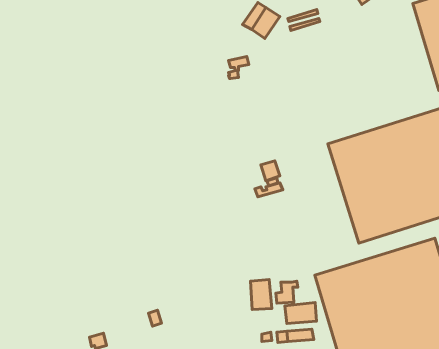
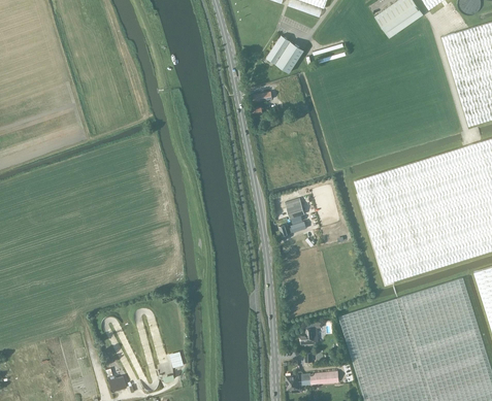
building: [251,280,272,310] -> none
building: [285,302,317,323] -> none

